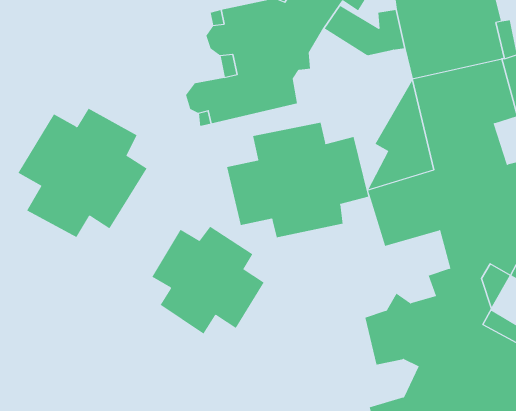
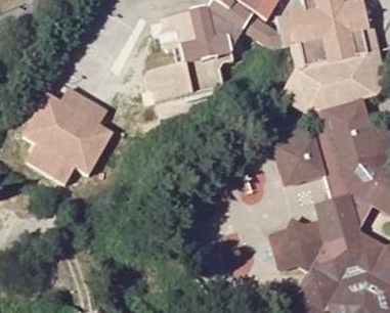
building: [226,122,369,238] -> none
building: [151,226,264,334] -> none

